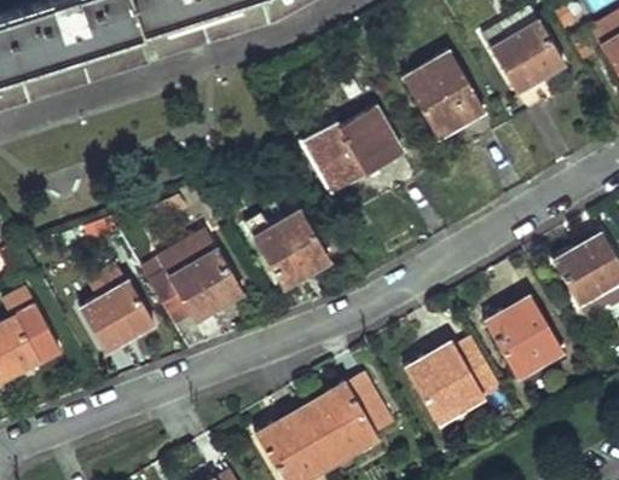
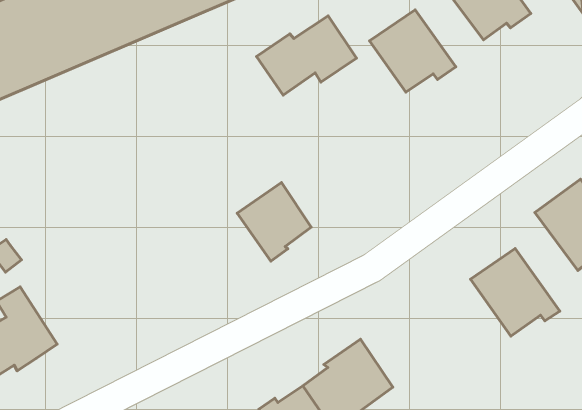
building: [303,106,403,181] -> [257,16,356,95]
building: [144,231,243,323] -> none
building: [82,281,156,343] -> none
building: [401,340,498,429] -> none

